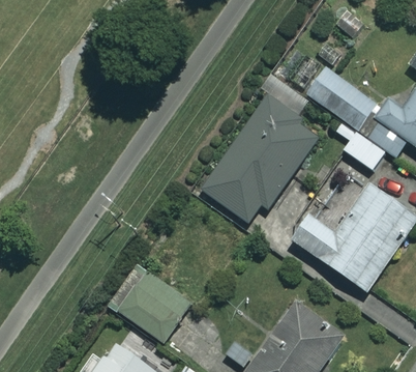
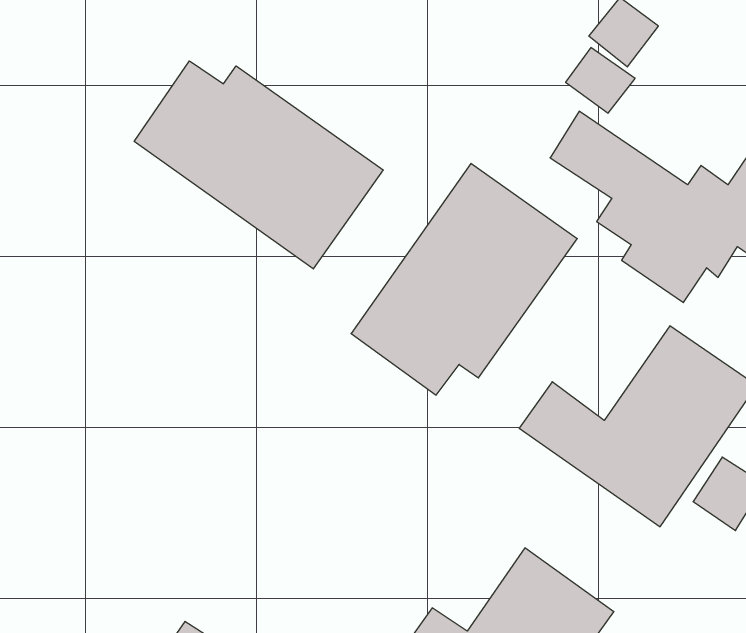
building: none -> [134,61,383,269]
building: [110,265,190,342] -> none

